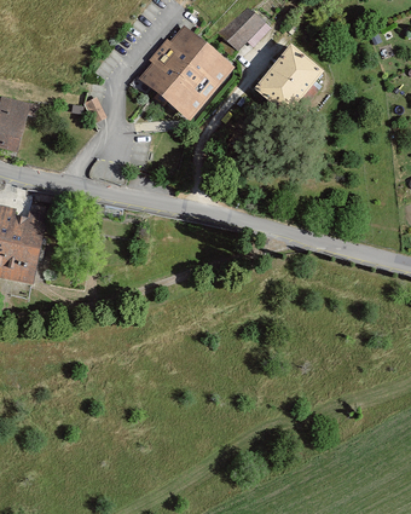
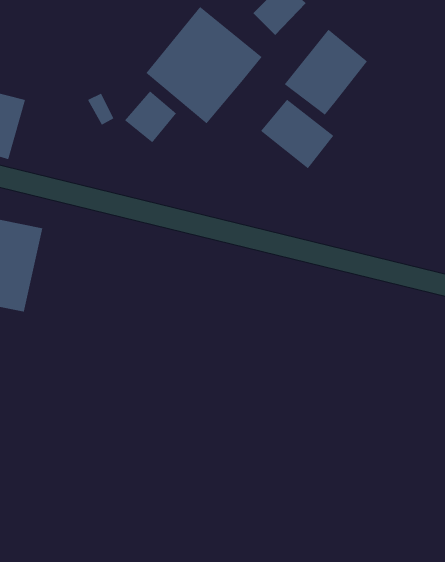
building: none -> [124,90,177,143]
building: none -> [260,99,334,169]

